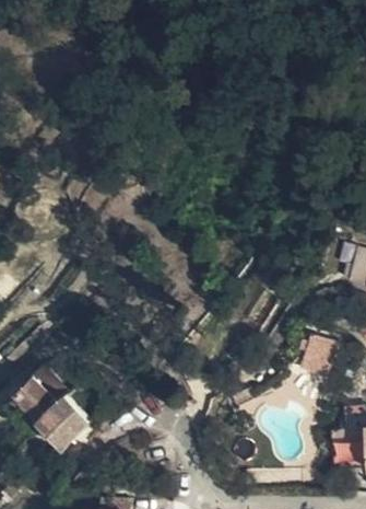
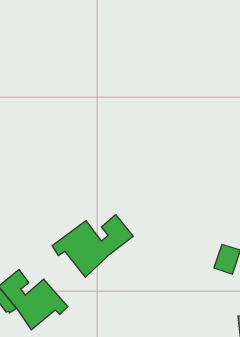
building: none -> [52,215,133,277]

